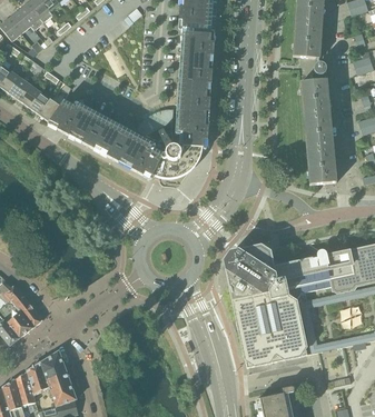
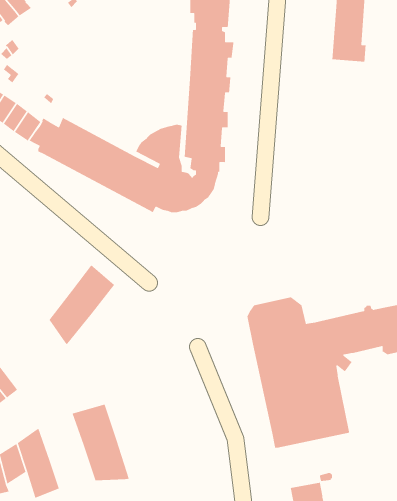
building: [302,62,337,183] -> none
building: none -> [48,264,115,346]
building: none -> [72,404,130,481]

